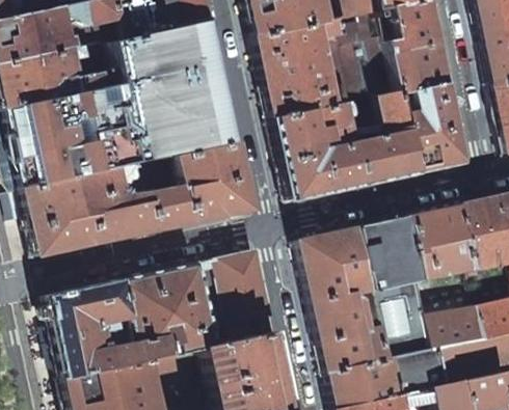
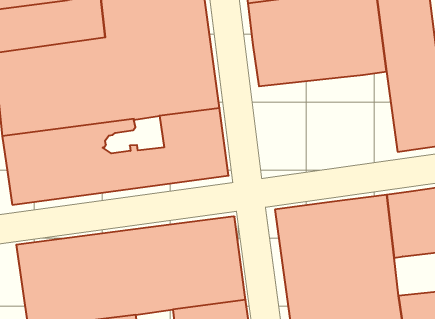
building: [275,94,419,201] -> none

